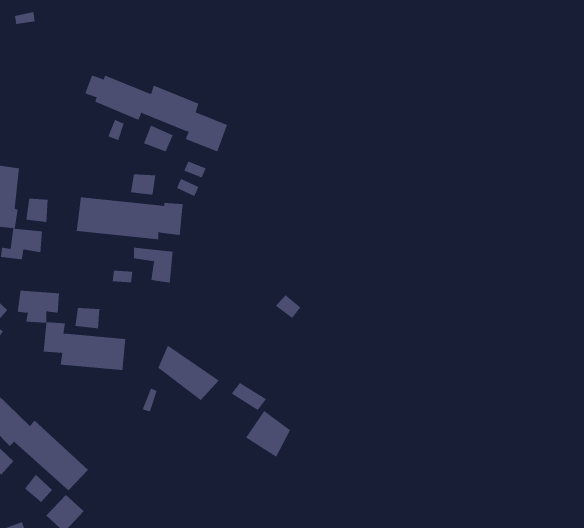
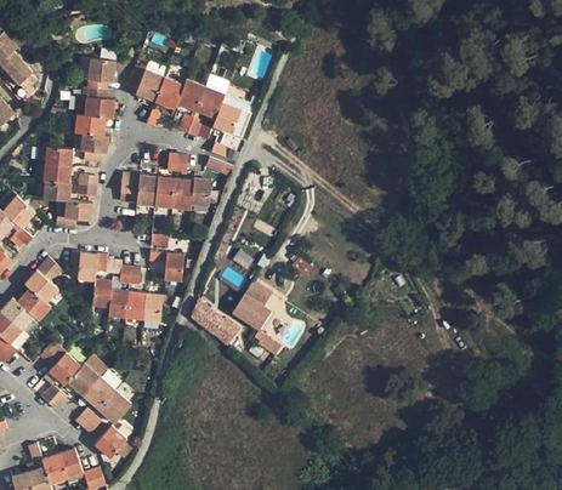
building: none -> [75,59,115,163]
building: [133,247,173,283] -> [149,251,183,281]
building: [245,410,291,457] -> [234,291,273,331]

